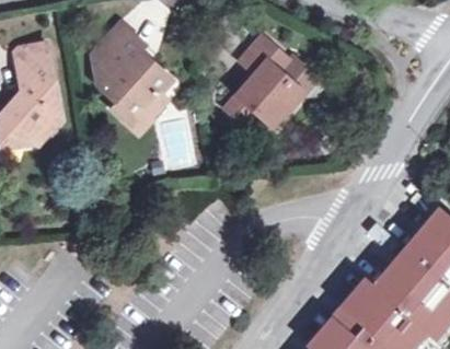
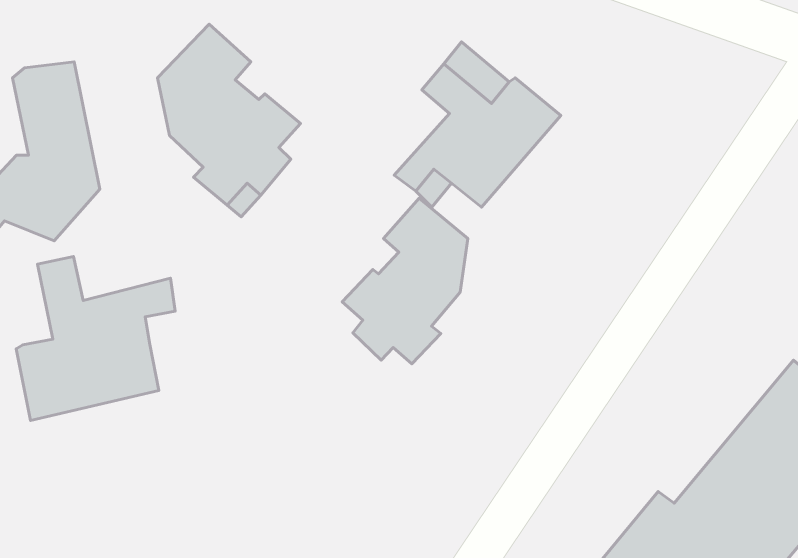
building: none -> [342,198,468,364]
building: none -> [16,256,175,421]

